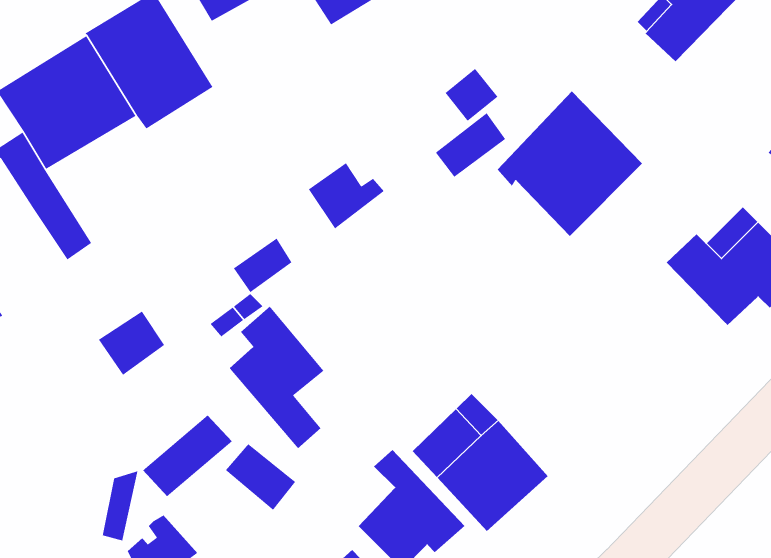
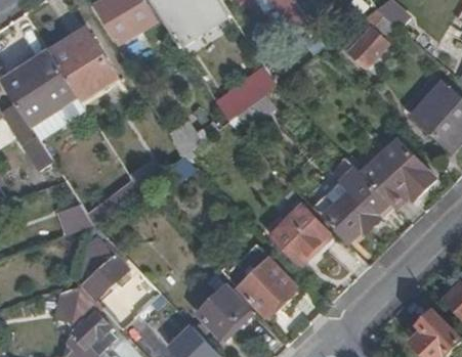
building: [497,90,643,237] -> [312,167,390,244]
building: [229,305,324,449] -> none
building: none -> [269,205,328,262]

